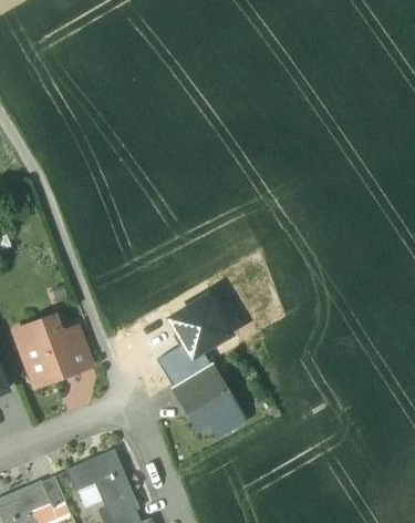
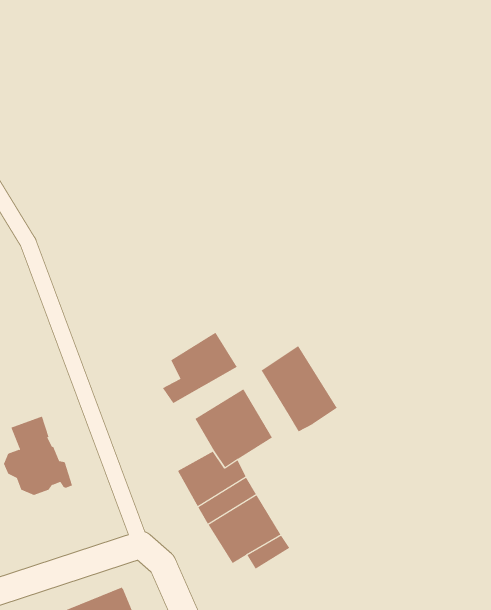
building: none -> [162,332,237,404]
building: none -> [261,345,337,432]
building: [58,329,90,372] -> none

